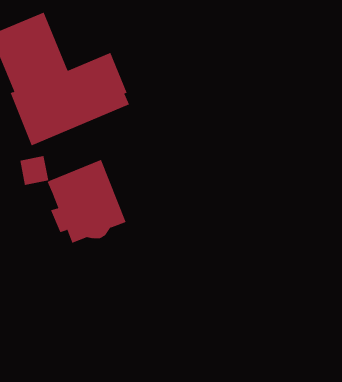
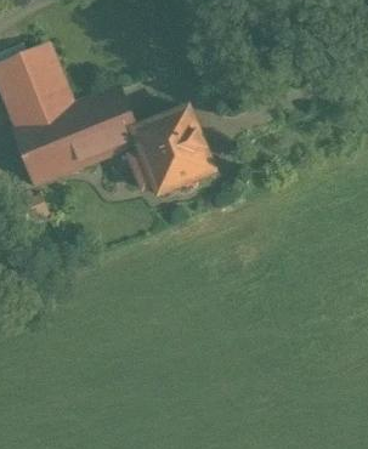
building: [47,159,126,244] -> [130,106,211,192]

